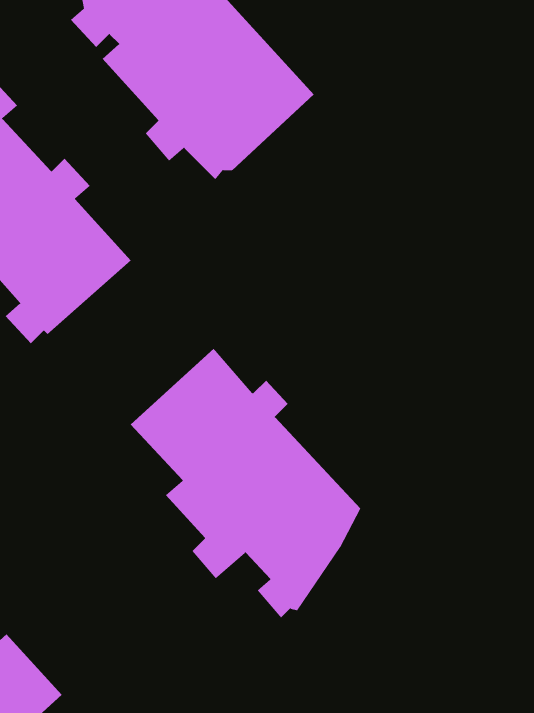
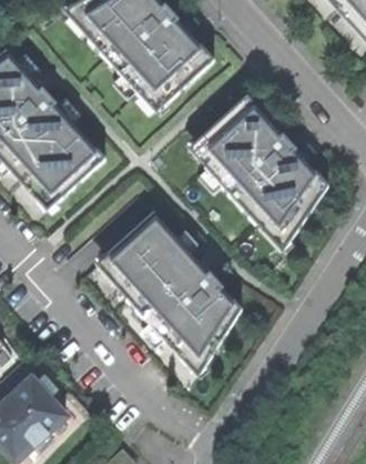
building: none -> [191,95,328,248]

